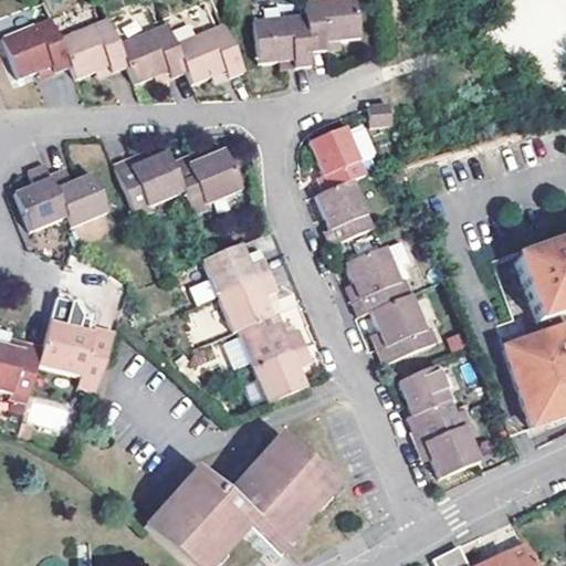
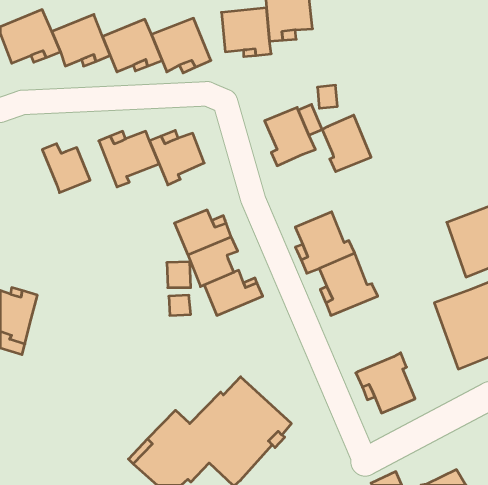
building: [15,159,67,227] -> none
building: [315,178,371,243] -> [322,115,371,172]
building: [36,315,114,398] -> none
building: [252,342,312,401] -> none
building: [400,363,457,429] -> none

